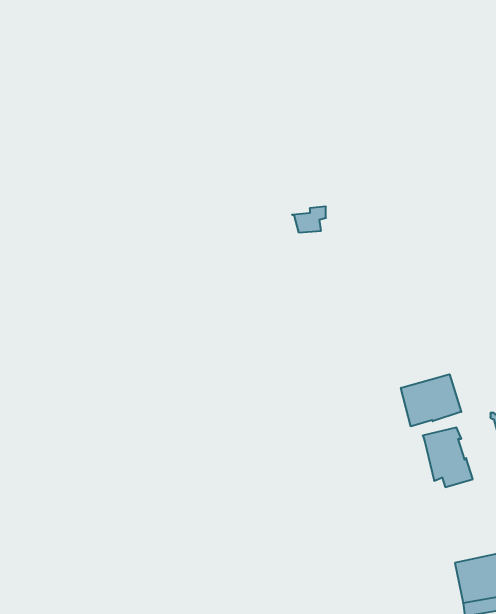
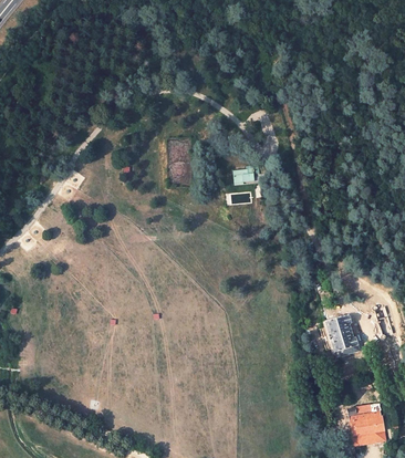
building: [401,374,461,426] -> none

